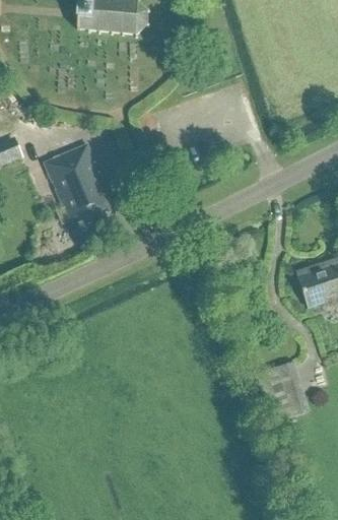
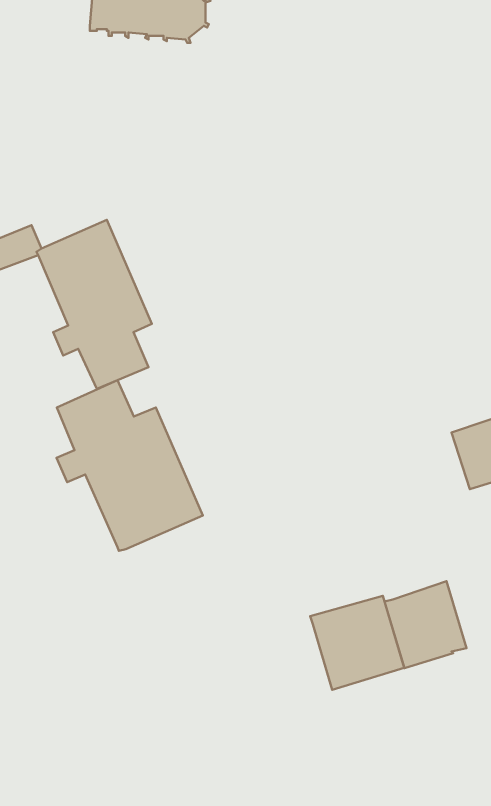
building: none -> [57,380,203,551]
building: none -> [310,596,404,690]

